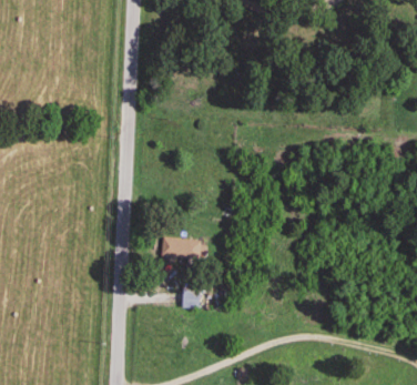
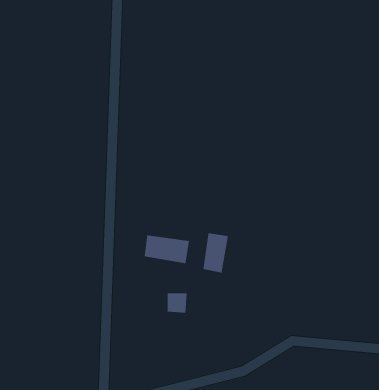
building: none -> [203,232,228,273]

